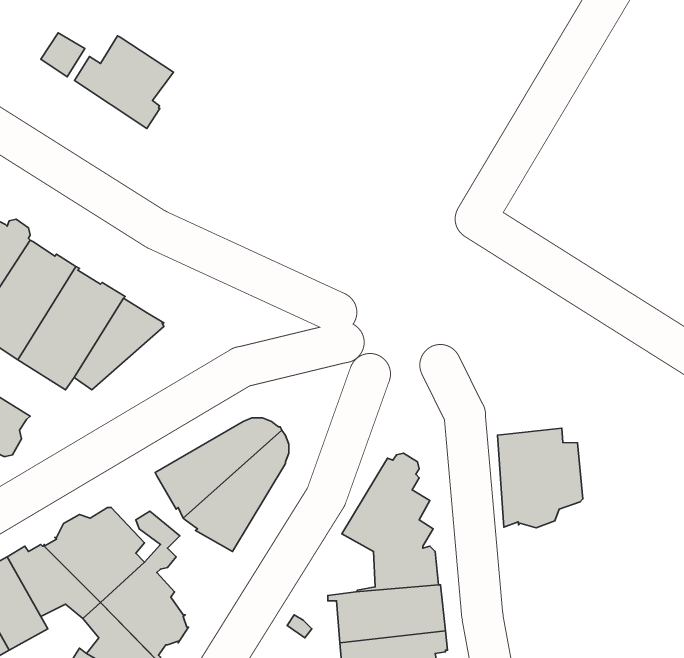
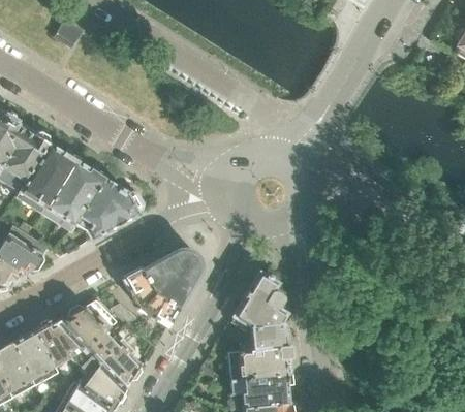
building: [74,36,174,129] -> none
building: none -> [84,193,143,242]
building: [497,428,583,528] -> none

